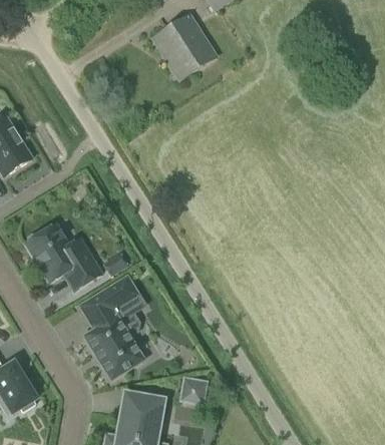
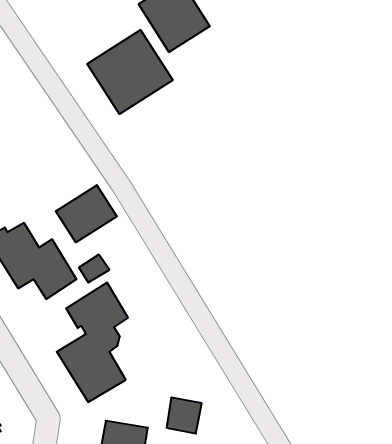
building: none -> [87,30,173,114]
building: none -> [56,185,117,242]

